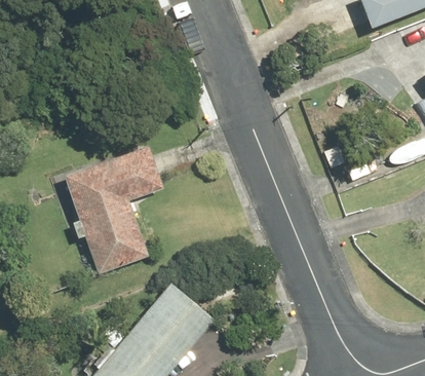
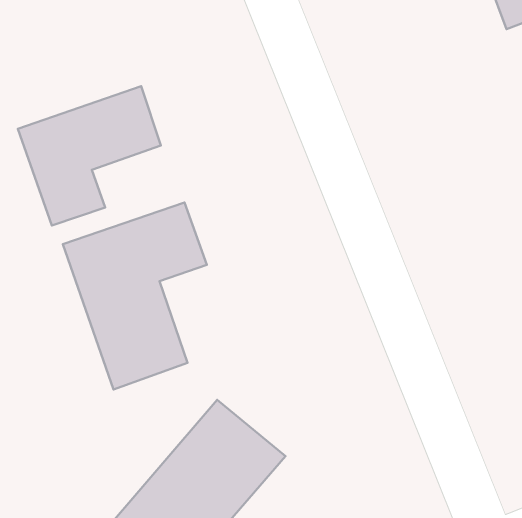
building: none -> [18,86,161,225]

